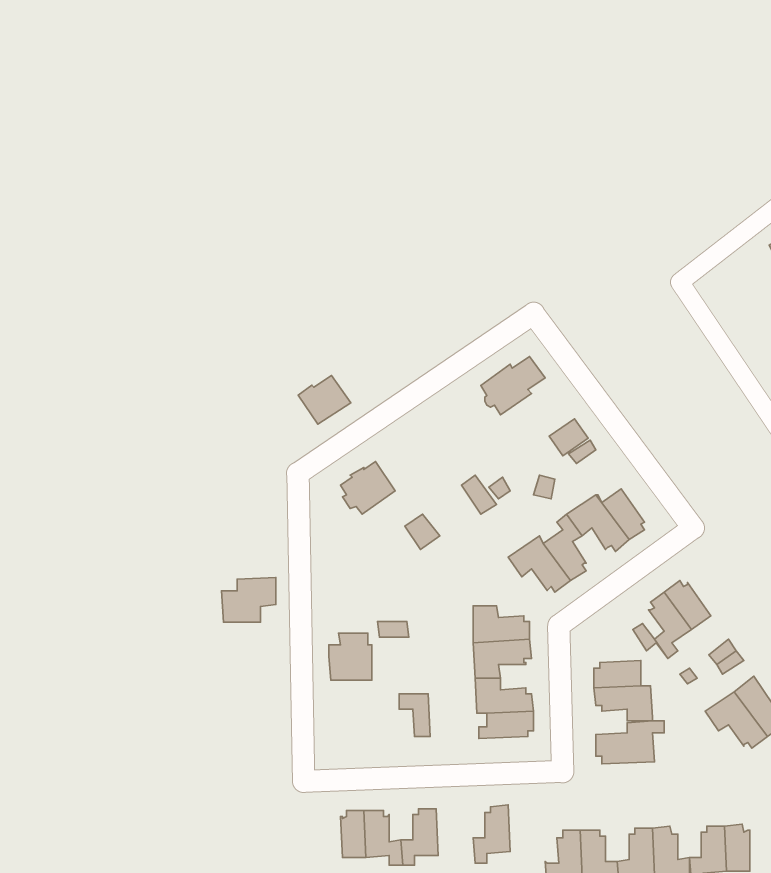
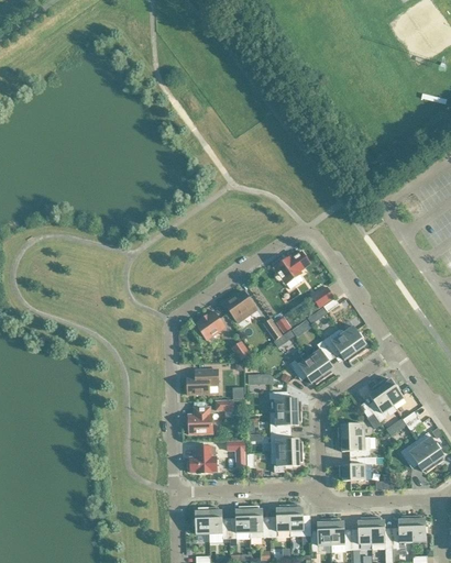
building: [298,376,351,424] -> [224,290,254,318]
building: [221,577,276,622] -> [187,368,218,394]
building: none -> [188,445,217,473]
building: none -> [289,504,311,537]
building: none -> [249,505,271,537]

